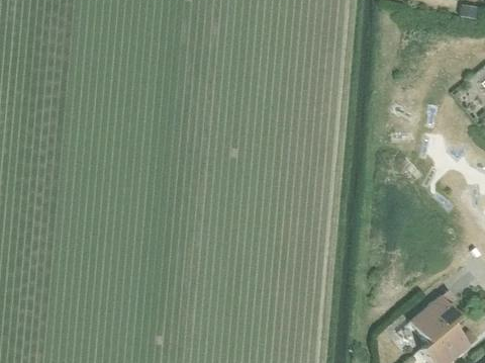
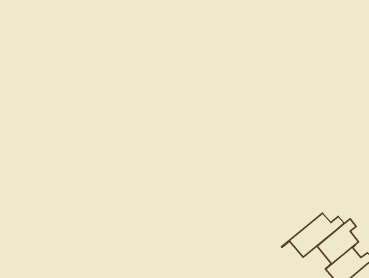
building: none -> [281,213,344,257]

